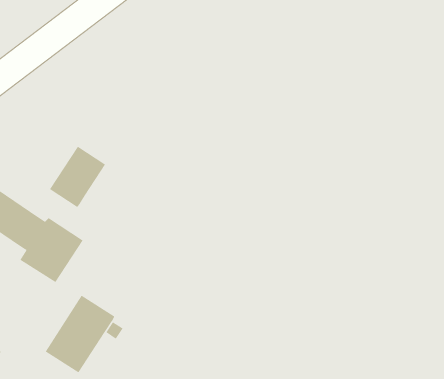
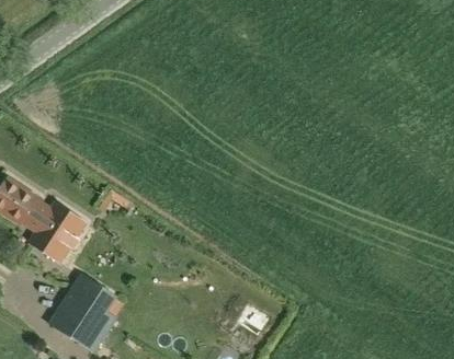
building: [49,146,106,208] -> none

